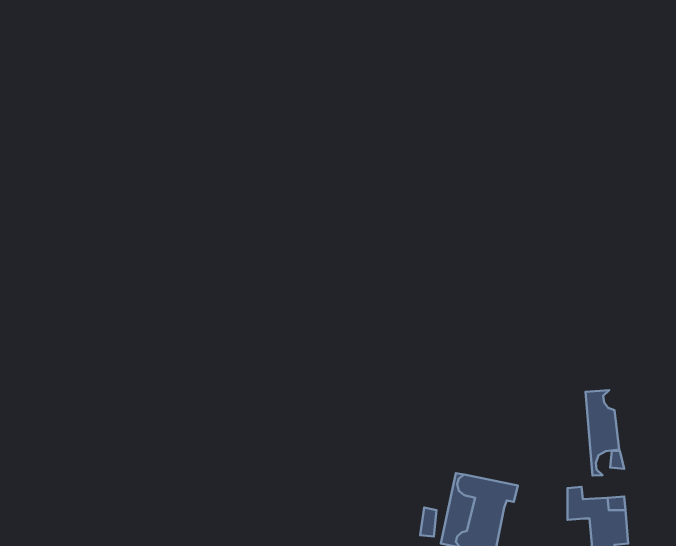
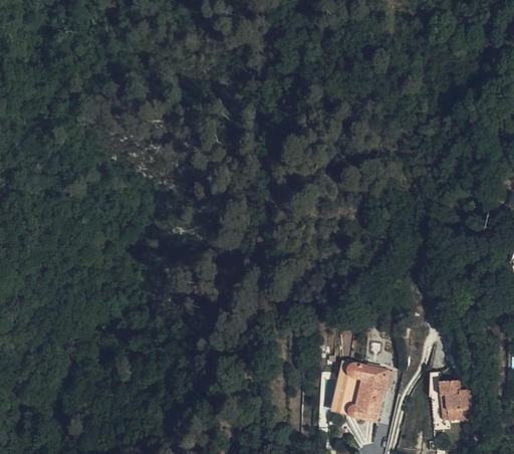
building: [586,390,619,475] -> none

